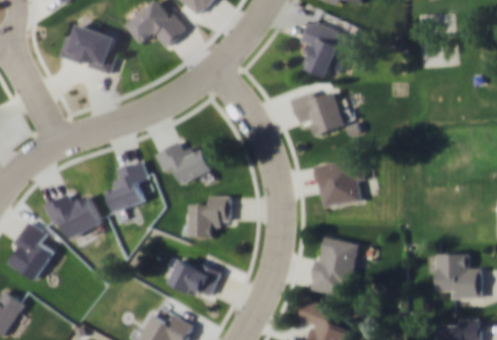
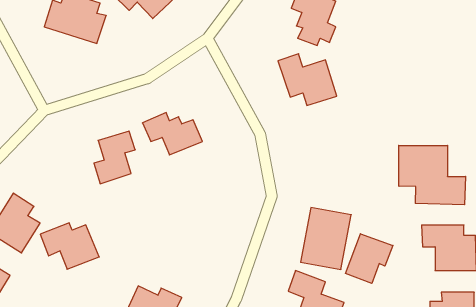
building: [314,157,366,207] -> none
building: none -> [399,145,466,205]
building: [44,192,101,237] -> [40,223,99,269]
building: [189,195,230,236] -> none
building: [168,260,220,299] -> none
building: none -> [345,234,393,283]

